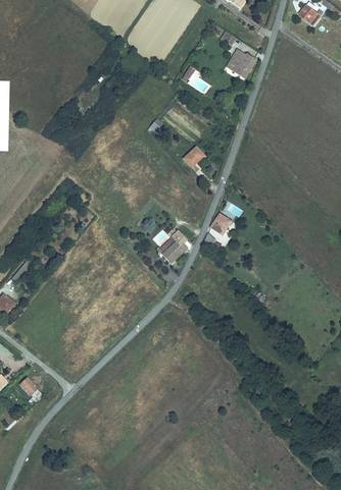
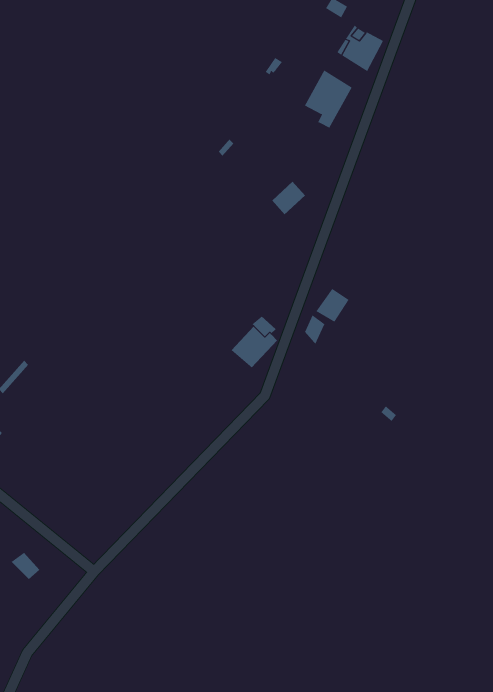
building: none -> [304,70,352,129]

